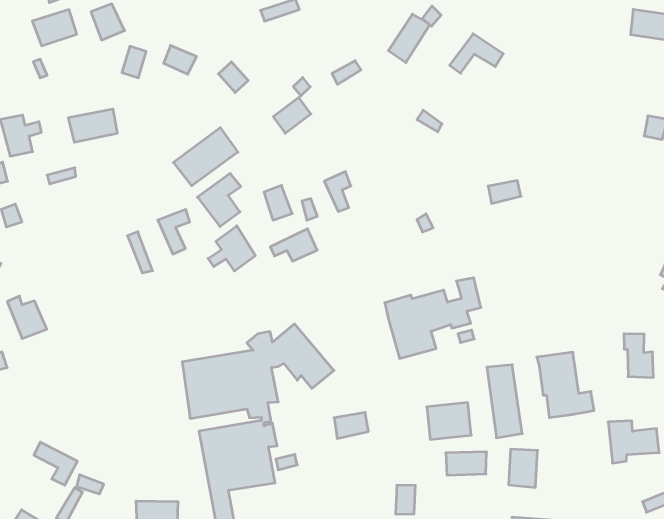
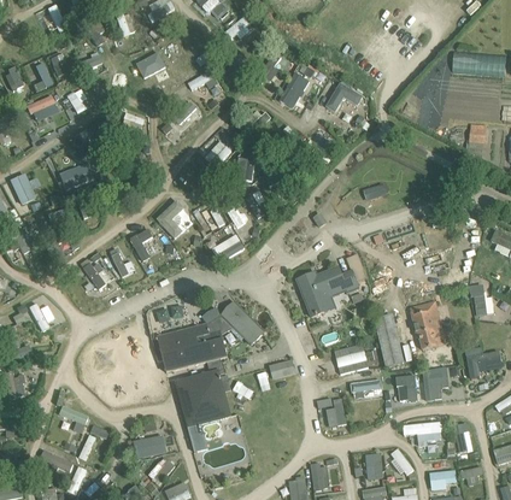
building: [173,128,238,186] -> none
building: [208,226,255,271] -> none
building: none -> [80,253,111,288]
building: none -> [423,369,448,401]

